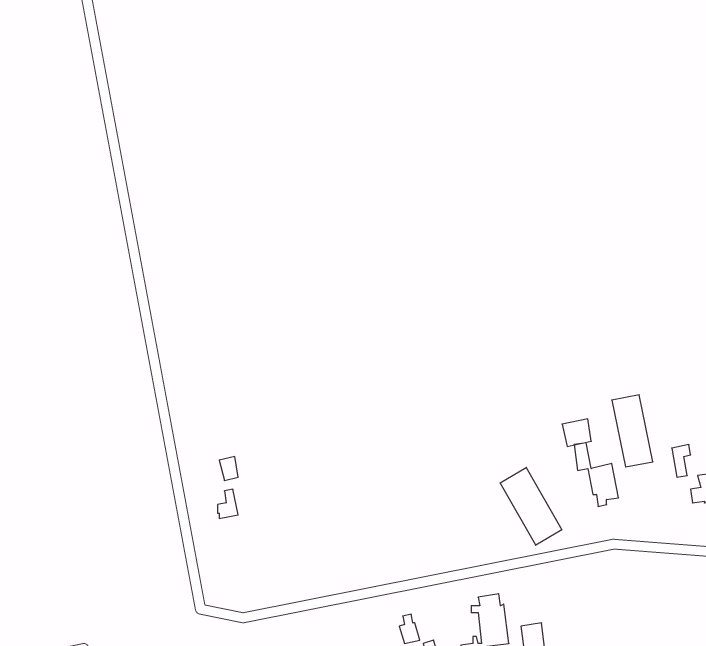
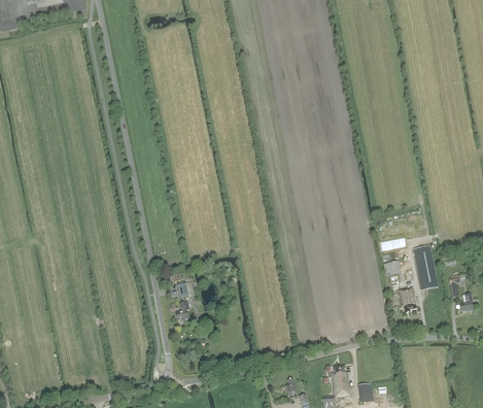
building: [500,467,562,545] -> none

